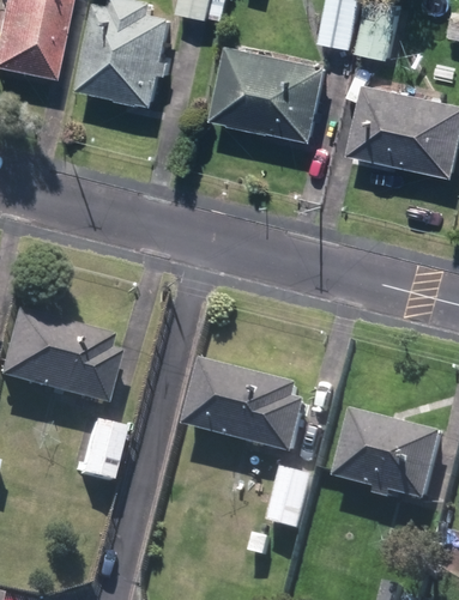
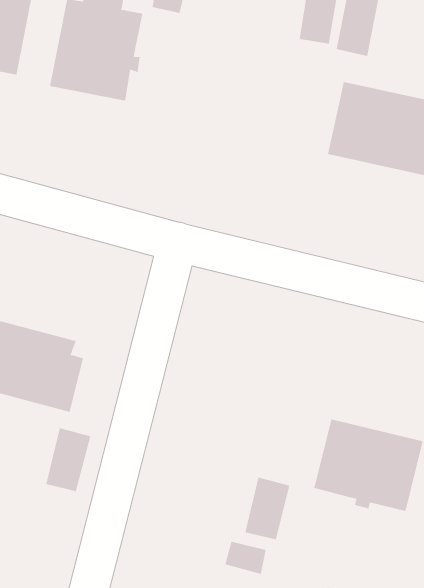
building: [211,46,327,140] -> none
building: [185,360,306,454] -> none

